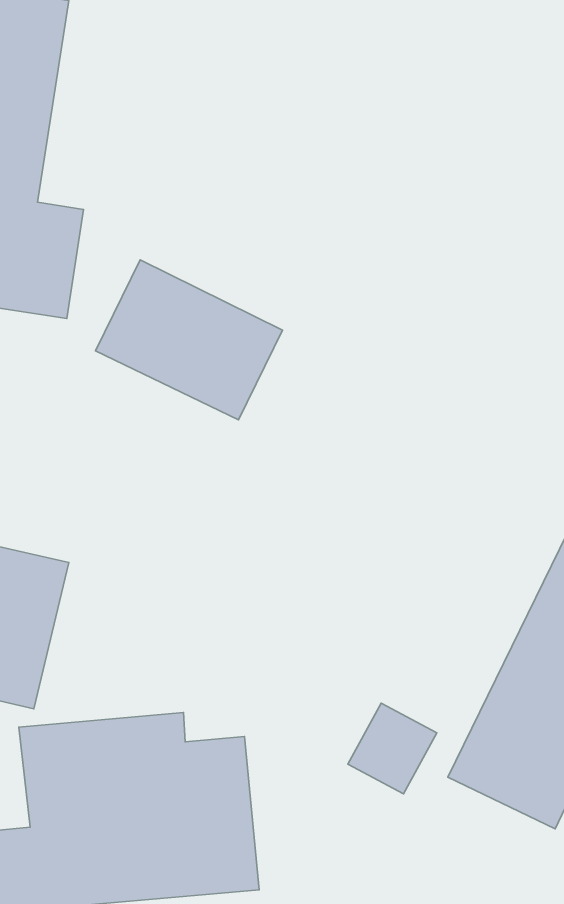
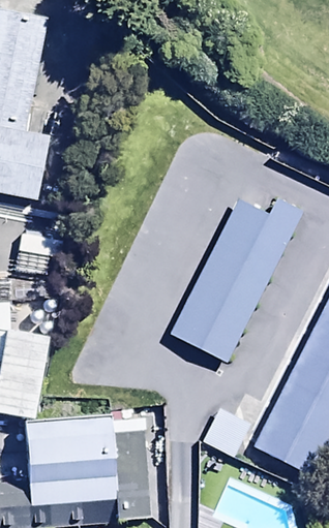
building: [95,260,282,420] -> none
building: none -> [166,186,298,361]

